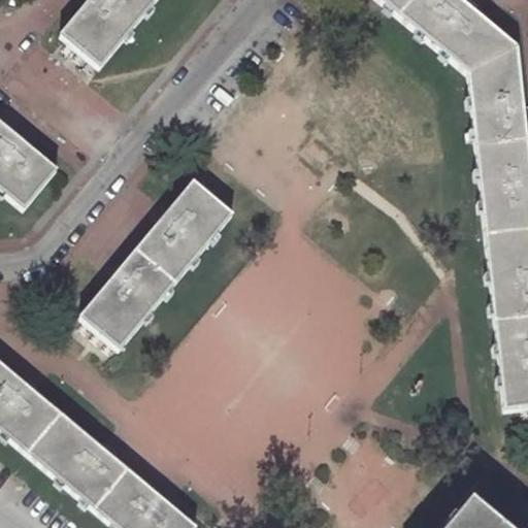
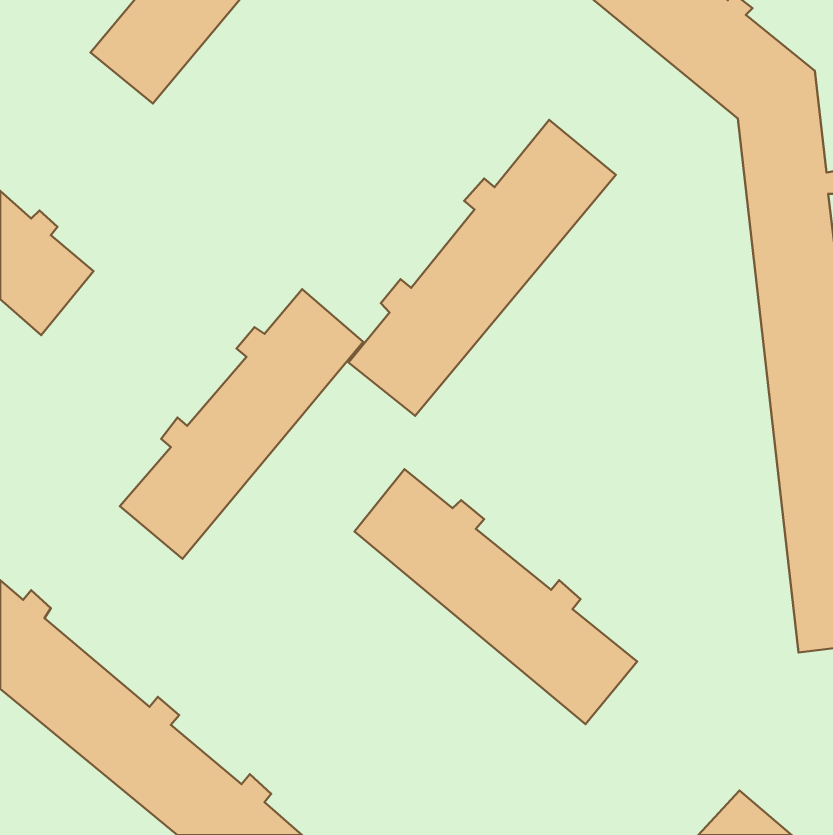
building: none -> [349,120,616,416]
building: none -> [354,469,637,724]

